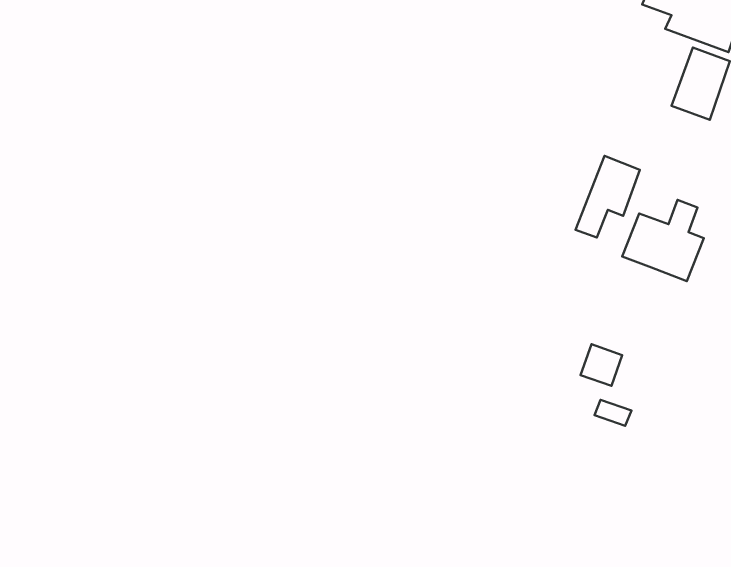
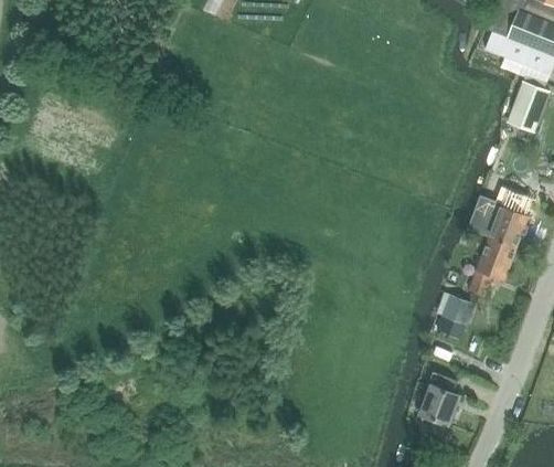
building: [575,156,640,237] -> [470,236,516,295]
building: none -> [418,371,461,428]

